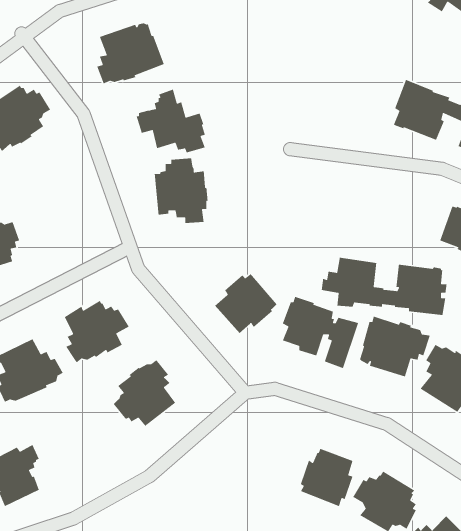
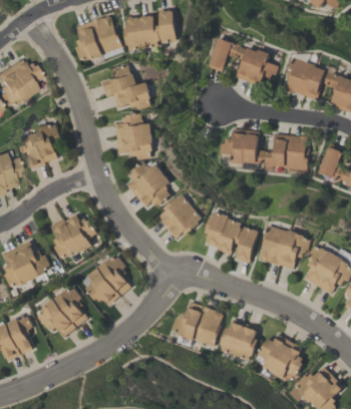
building: none -> [123,9,179,51]
building: none -> [207,37,279,87]
building: none -> [12,124,59,169]
building: none -> [127,161,170,207]
building: [321,257,448,316] -> [219,129,309,171]
building: none -> [35,288,87,338]
building: none -> [170,302,223,348]

